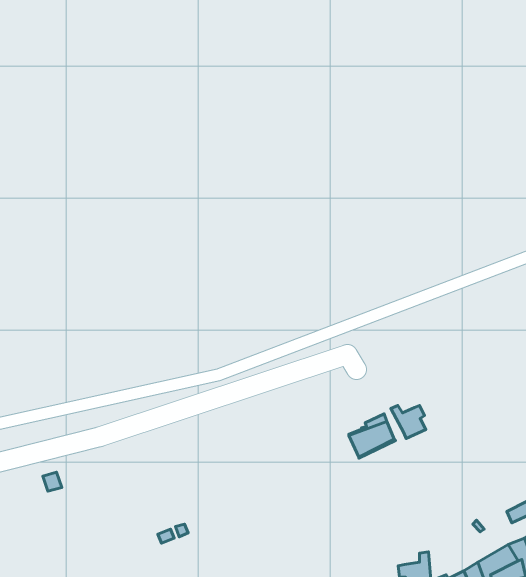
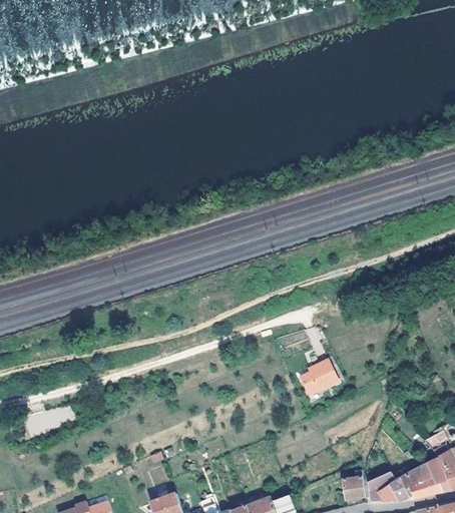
building: [391,405,426,439] -> none

